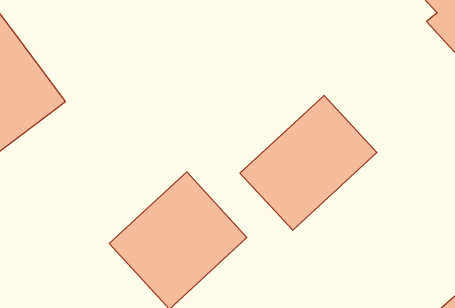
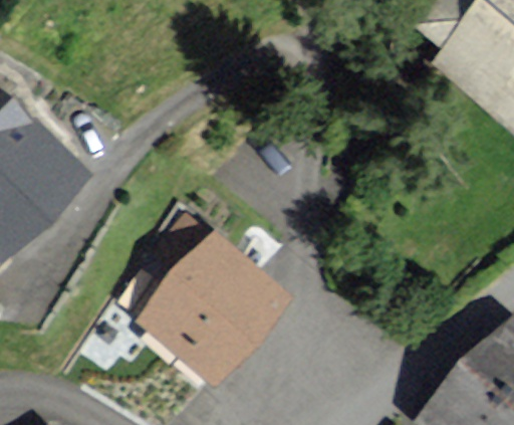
building: [240,95,377,230] -> none

